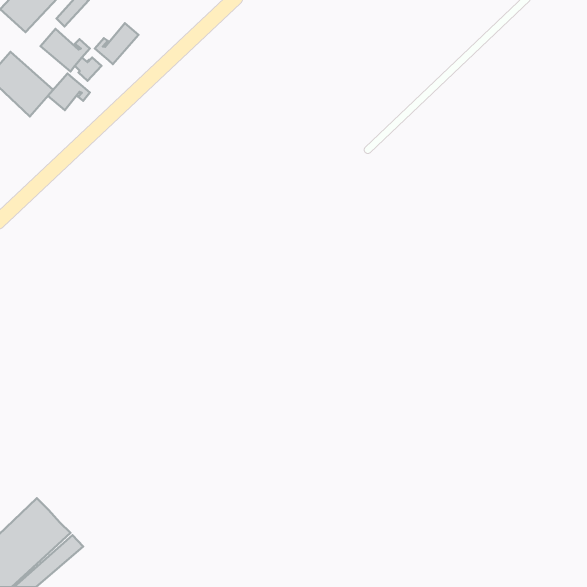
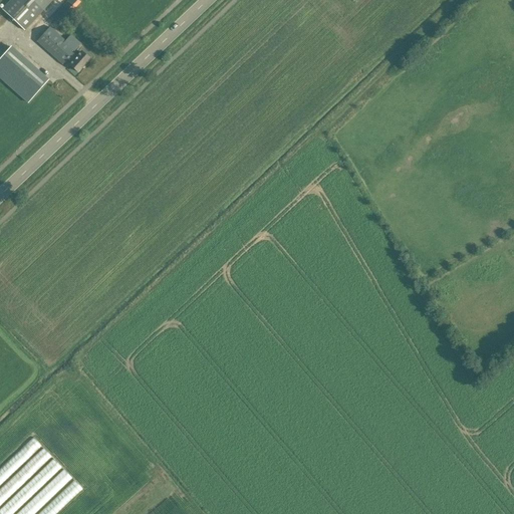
building: [95,23,138,64] -> none
building: [48,73,90,110] -> none

